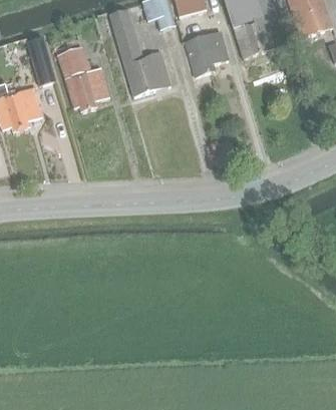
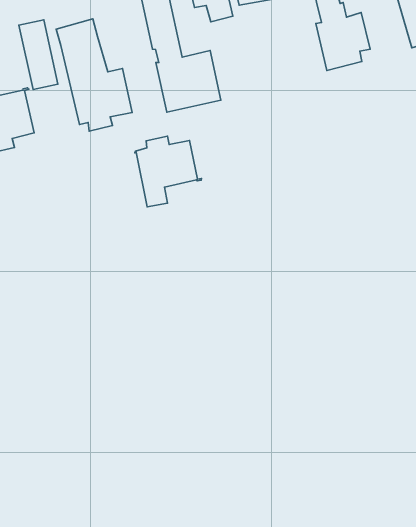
building: [185,31,228,76] -> none
building: none -> [135,136,202,207]

